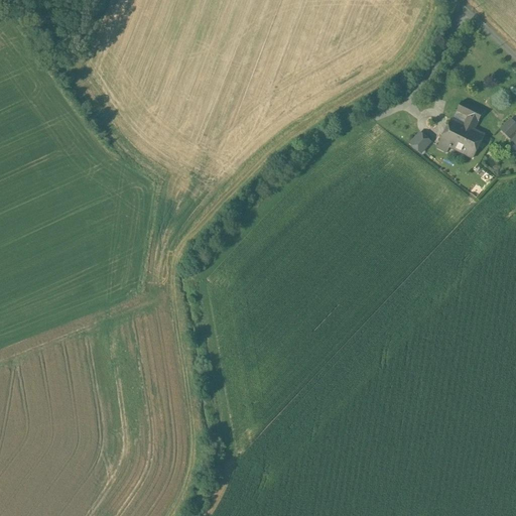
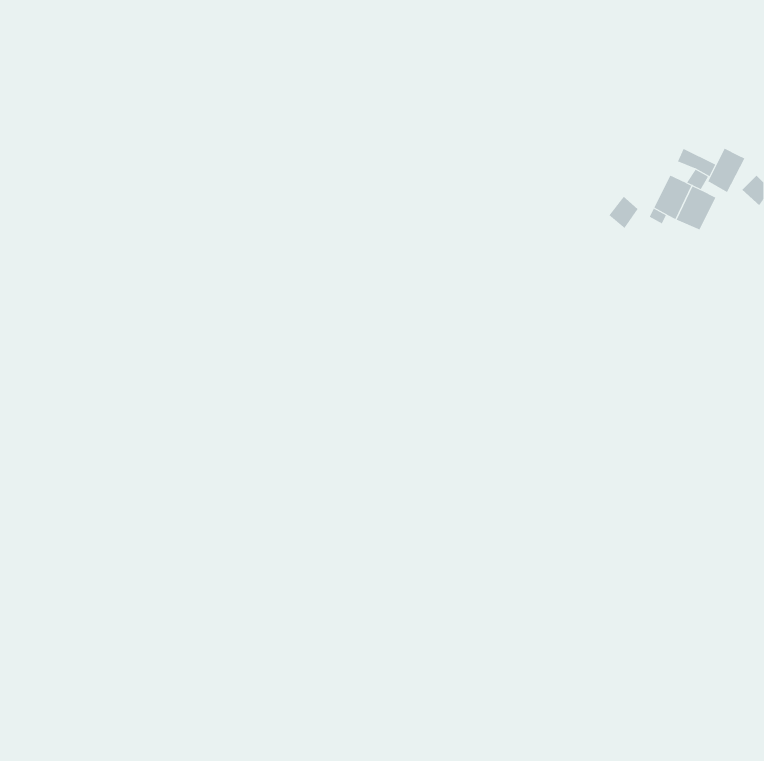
building: none -> [708,148,745,193]

